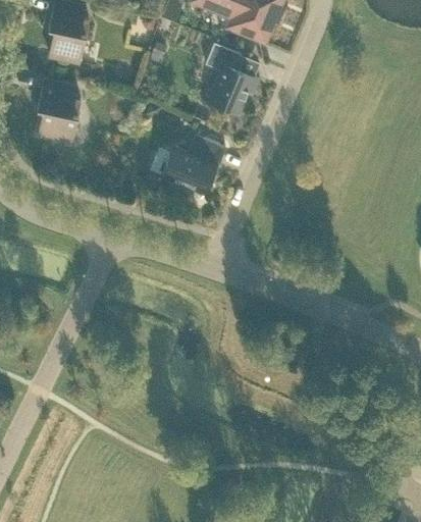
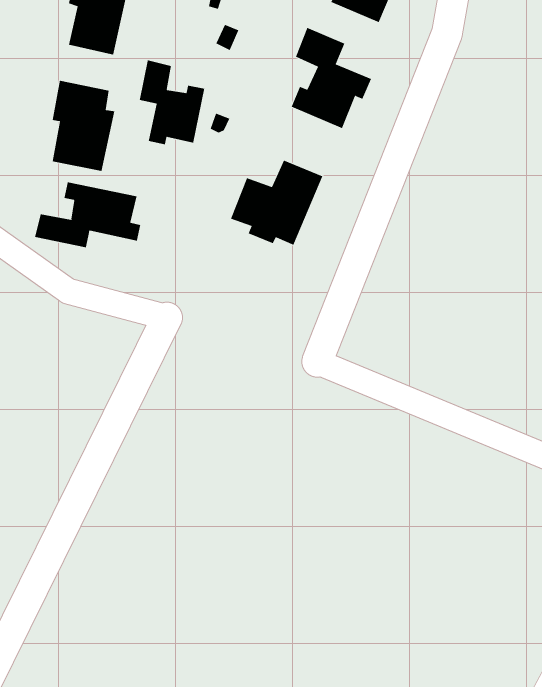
building: none -> [139,60,205,145]
building: none -> [35,181,141,248]

